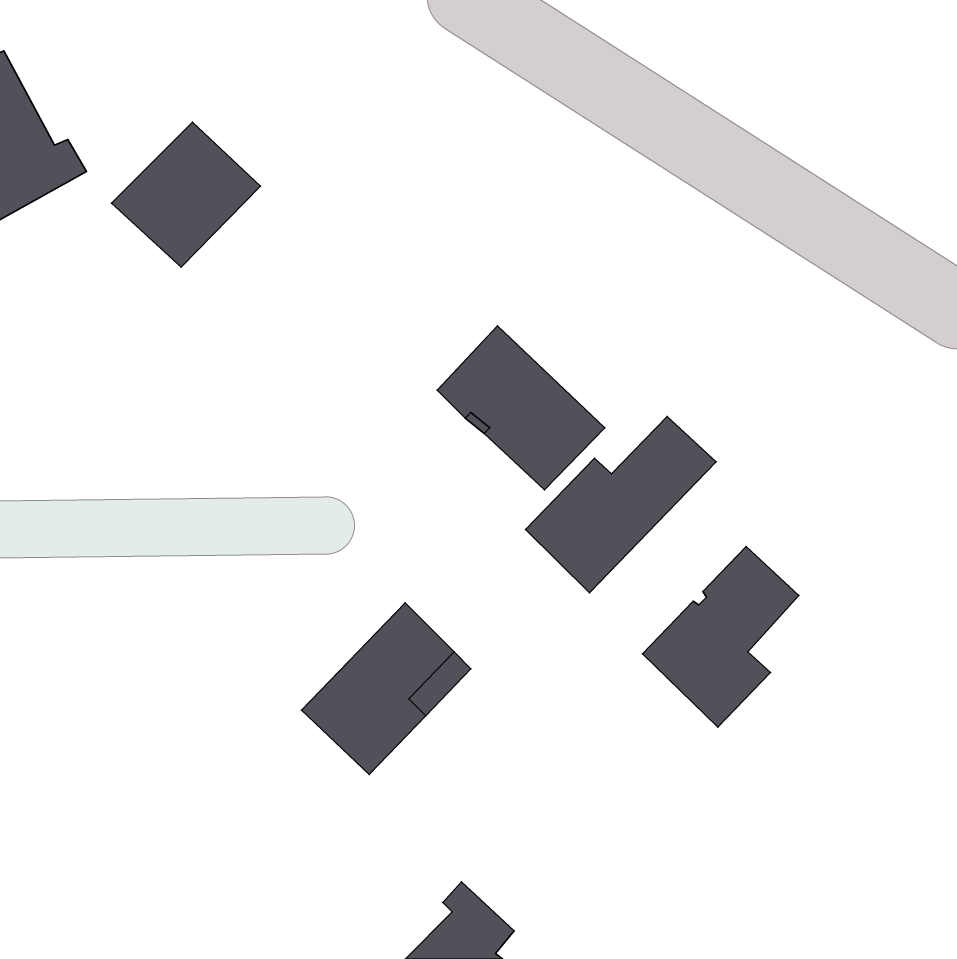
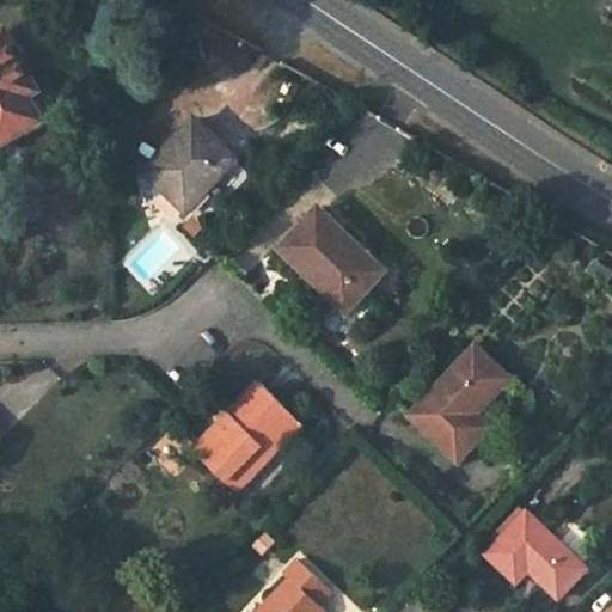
building: [112,122,260,267] -> [141,118,235,210]
building: [526,416,716,593] -> none
building: none -> [484,512,585,596]

